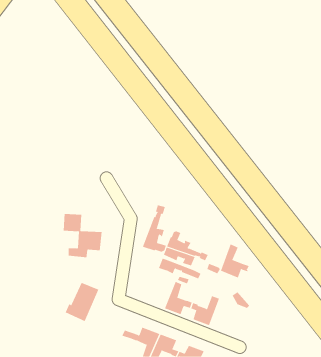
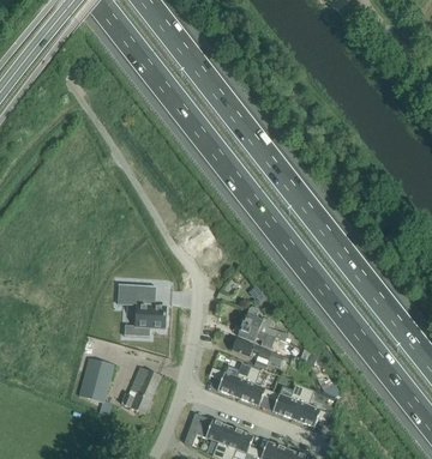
building: [142,205,166,252] -> none
building: [220,244,249,278] -> [292,386,326,427]
building: none -> [78,357,113,415]
building: none -> [212,362,251,398]

